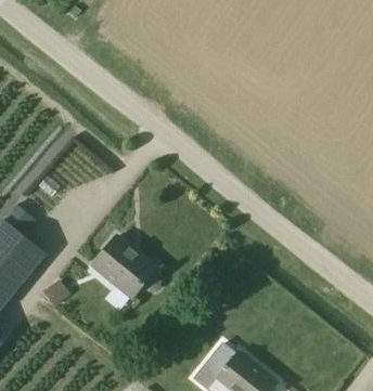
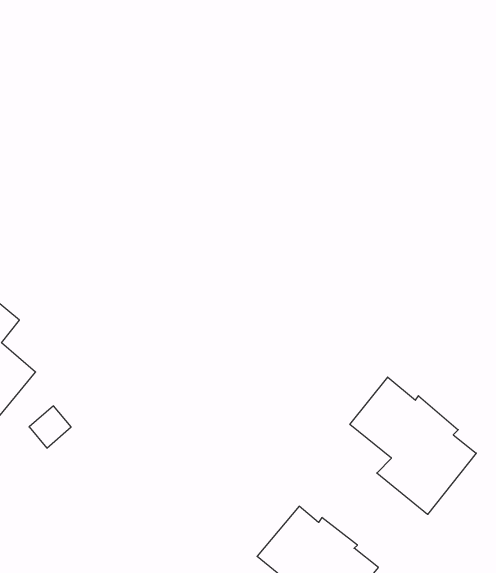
building: [93,236,160,298] -> none
building: none -> [350,377,476,514]

